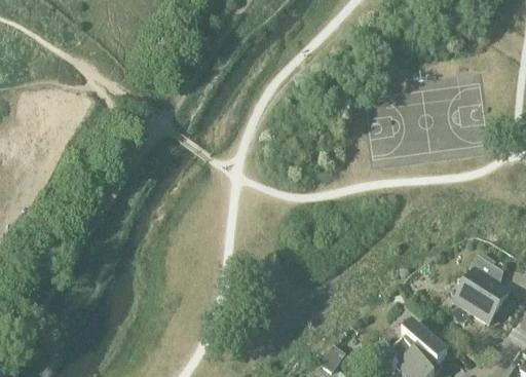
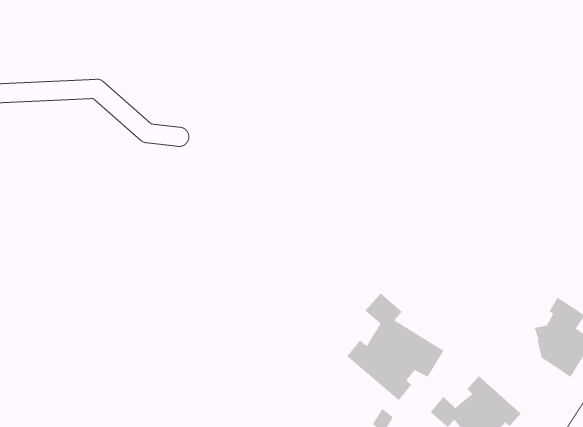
building: none -> [346,292,444,401]

